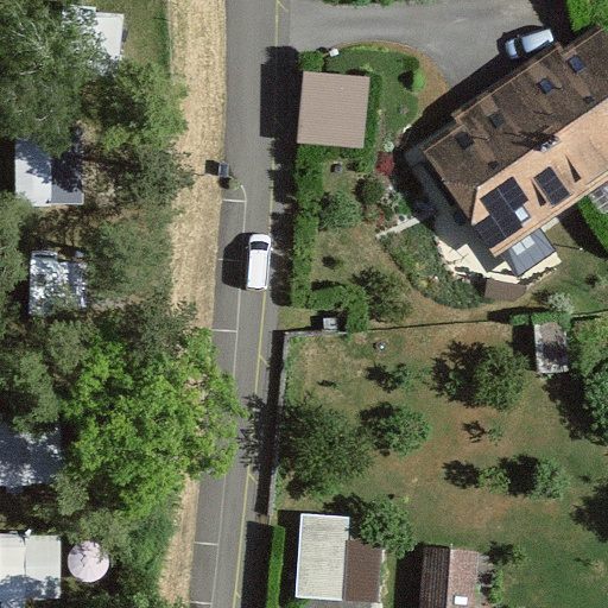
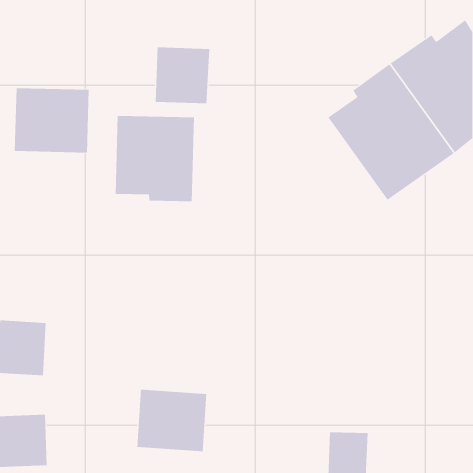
building: [302,72,372,145] -> [155,47,210,104]
building: none -> [115,115,194,202]
building: [294,520,385,600] -> [136,389,207,452]

